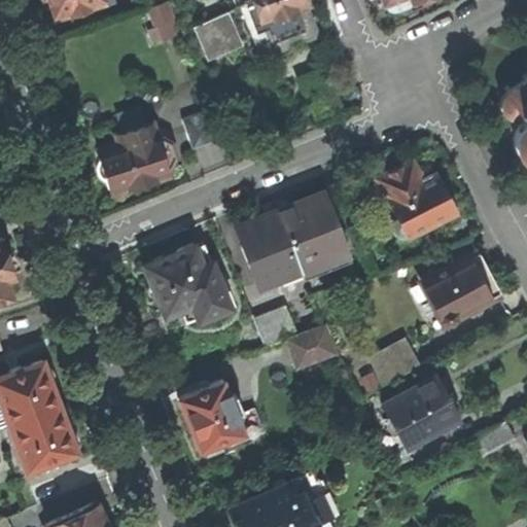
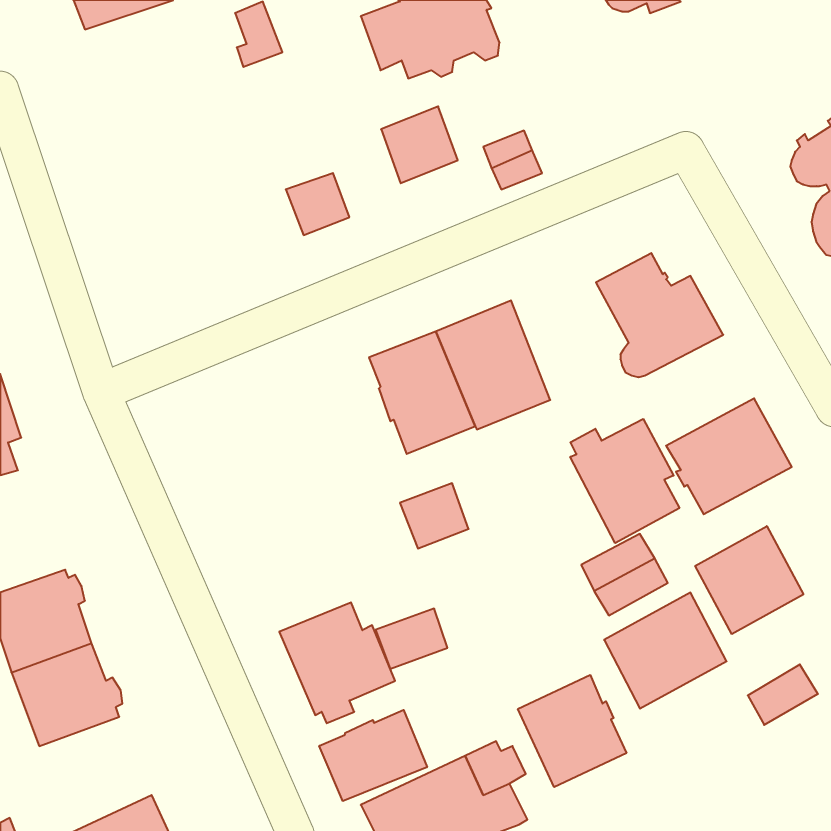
building: [194,12,242,61] -> [381,106,458,183]
building: [98,122,176,195] -> none
building: [144,244,231,321] -> none
building: none -> [570,419,679,543]
building: [289,329,335,367] -> [376,609,447,669]
building: none -> [695,526,803,634]
building: none -> [518,675,626,787]
building: none -> [319,710,427,801]

